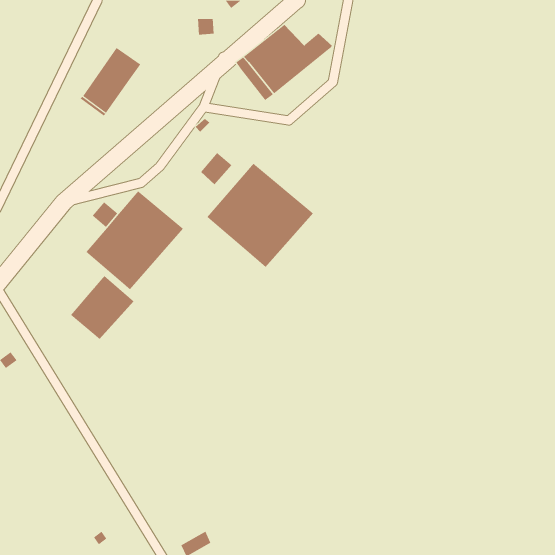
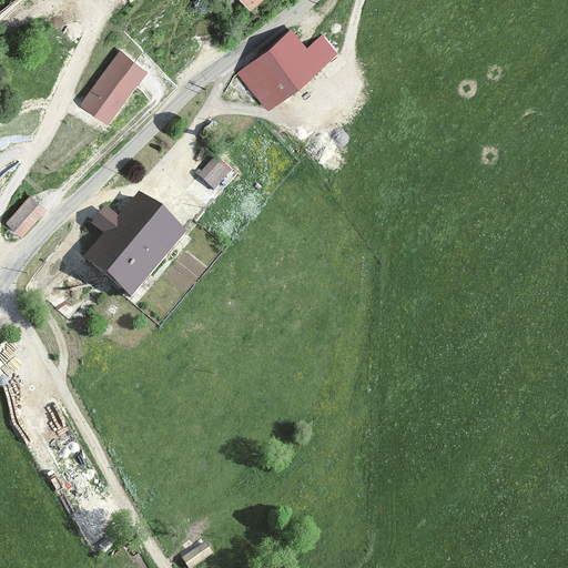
building: [206,163,314,268] -> none
building: none -> [9,200,40,233]
building: [70,275,134,340] -> none

